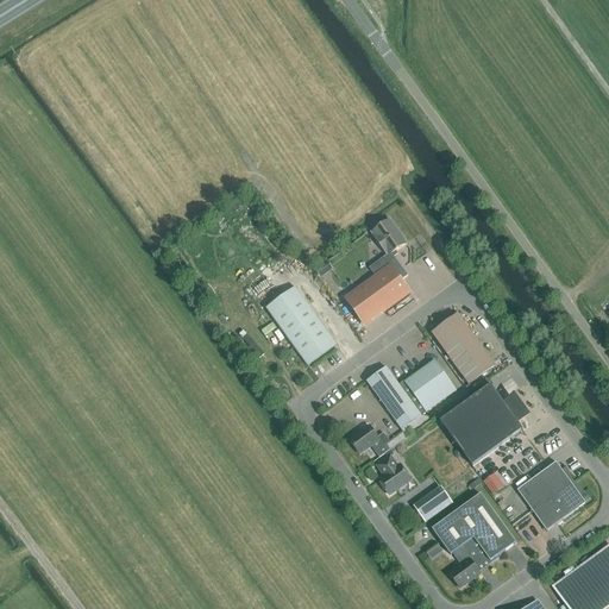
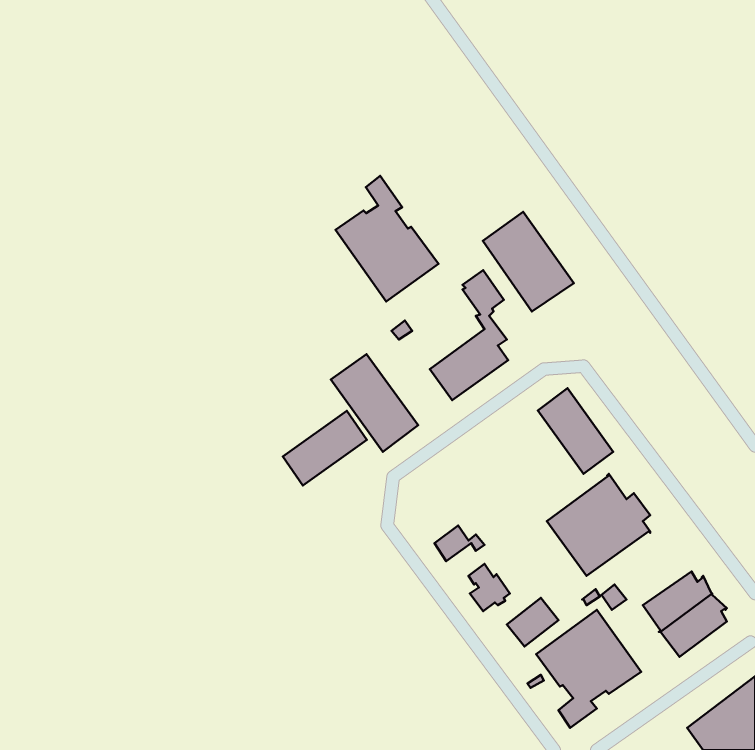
building: none -> [336,176,438,302]
building: none -> [483,212,574,312]
building: none -> [283,411,367,486]
building: [366,359,456,431] -> none

